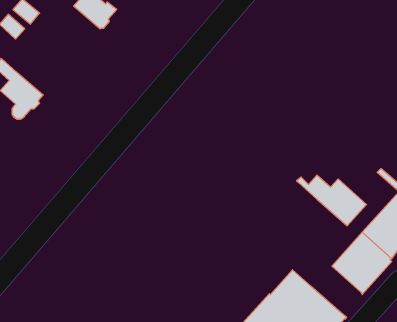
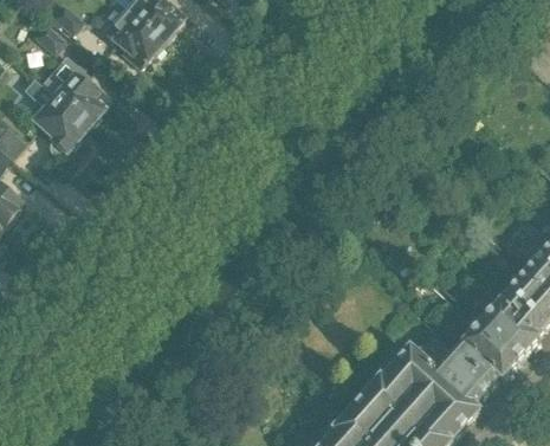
building: none -> [102,8,161,64]
building: none -> [39,52,111,123]
building: [297,175,367,226] -> [406,338,496,403]

